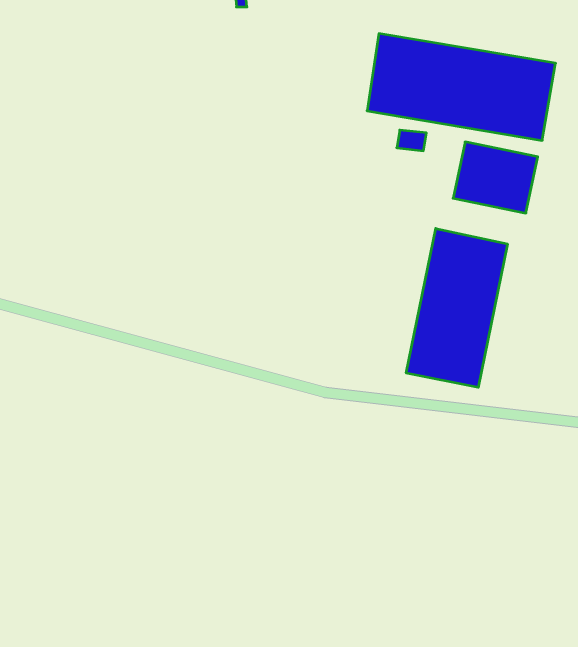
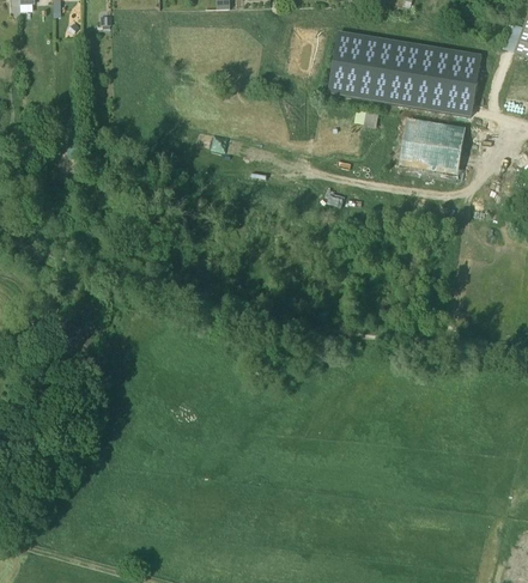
building: [406,228,507,387] -> none

